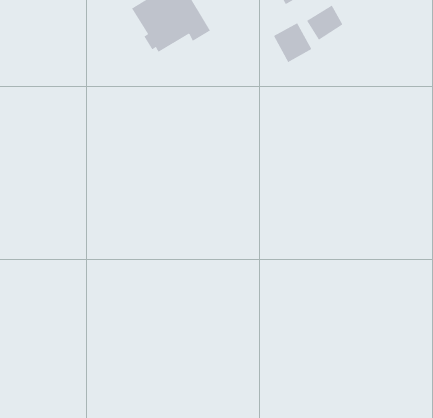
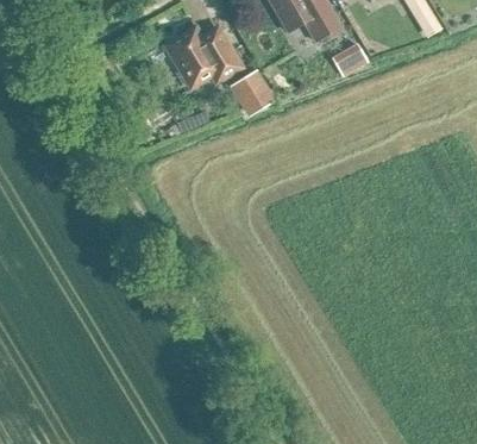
building: [273,22,312,63] -> [236,69,274,108]

